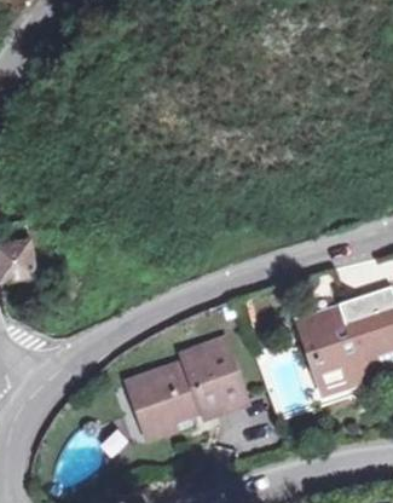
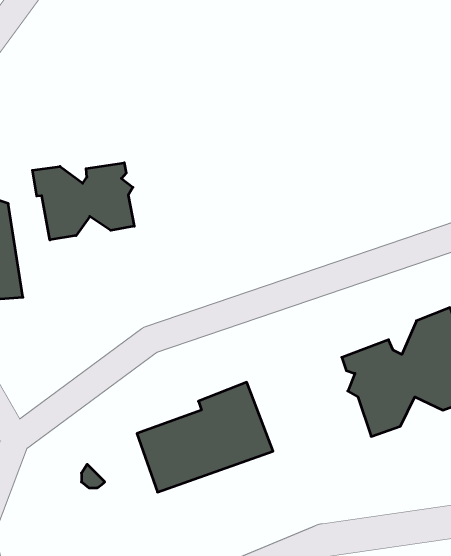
building: none -> [32,163,134,240]

